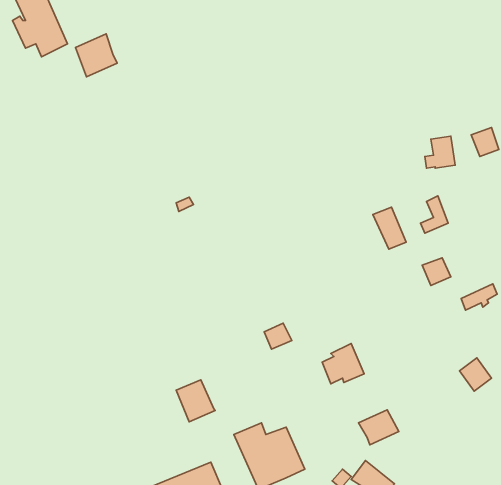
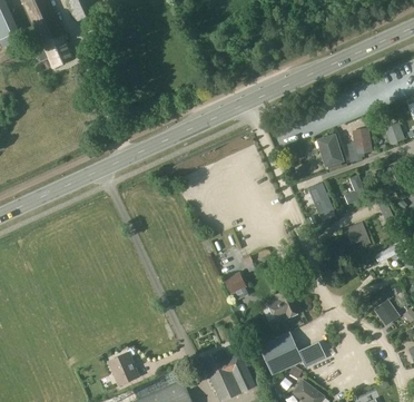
building: [75,34,117,77] -> none
building: none -> [317,135,345,168]
building: [176,380,215,422] -> [109,353,139,385]
building: none -> [258,332,304,374]

